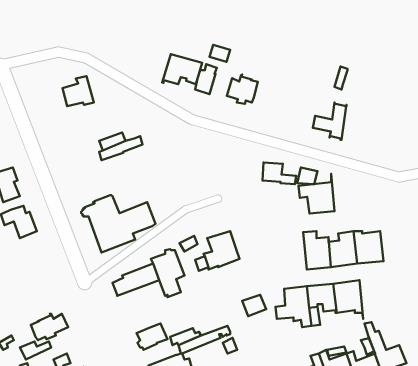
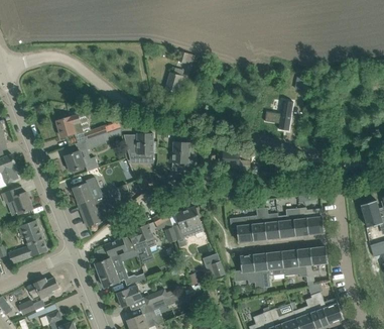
building: [162,54,202,84] -> none
building: [227,75,258,104] -> none
building: [62,76,94,106] -> [56,111,83,136]
building: none -> [127,133,153,160]
building: none -> [170,140,197,173]
building: none -> [62,150,98,172]
building: [299,174,335,214] -> [229,209,259,242]
building: none -> [6,220,47,264]
building: none -> [303,247,327,282]
building: none -> [95,252,145,288]

